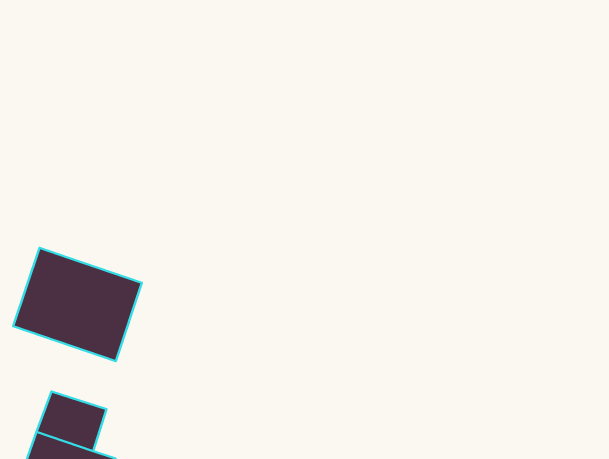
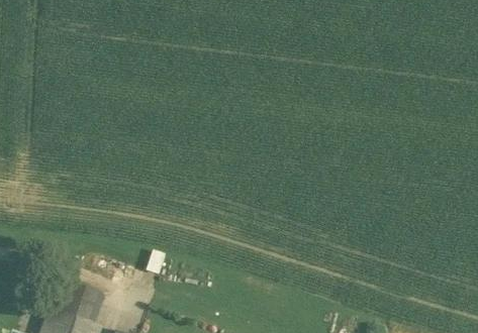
building: [13,248,142,361] -> none

